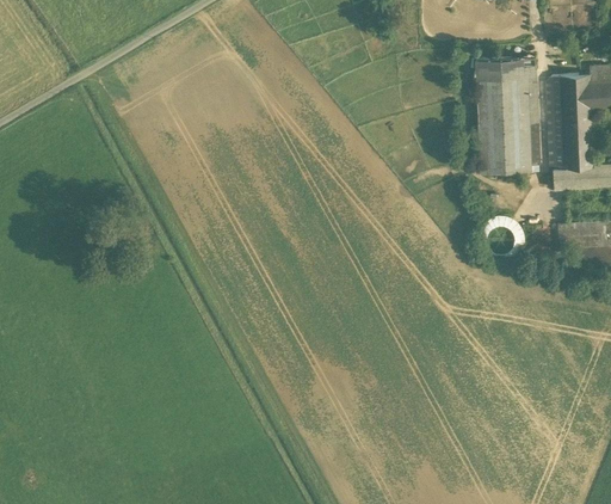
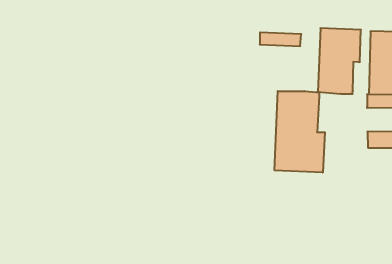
building: [474,57,535,78] -> [260,32,301,46]
building: none -> [275,91,325,173]

